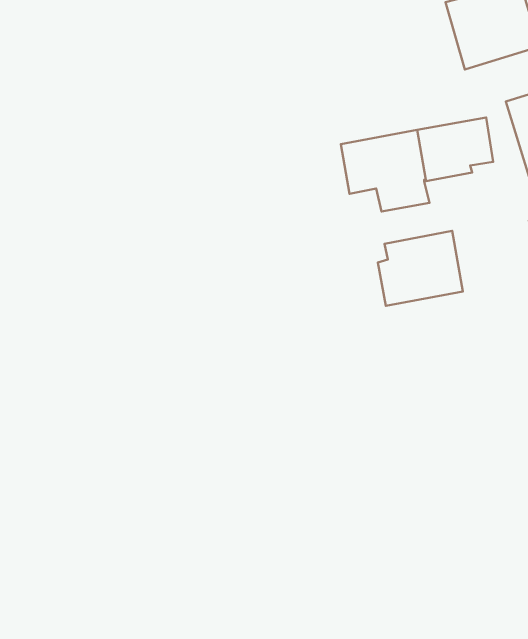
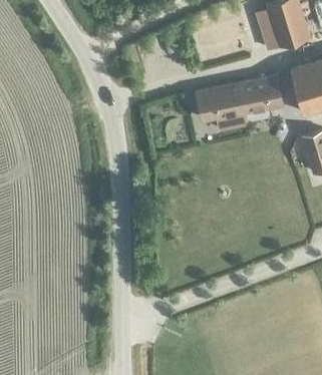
building: [378,231,463,306] -> none

